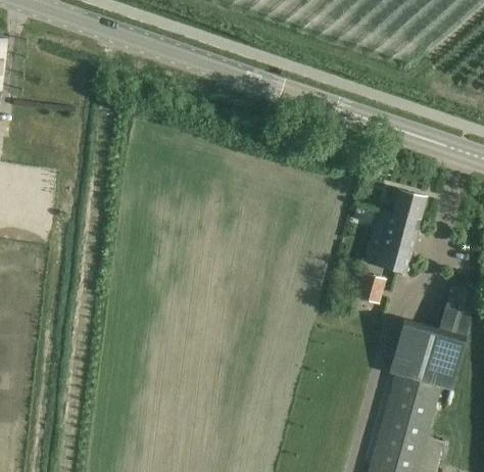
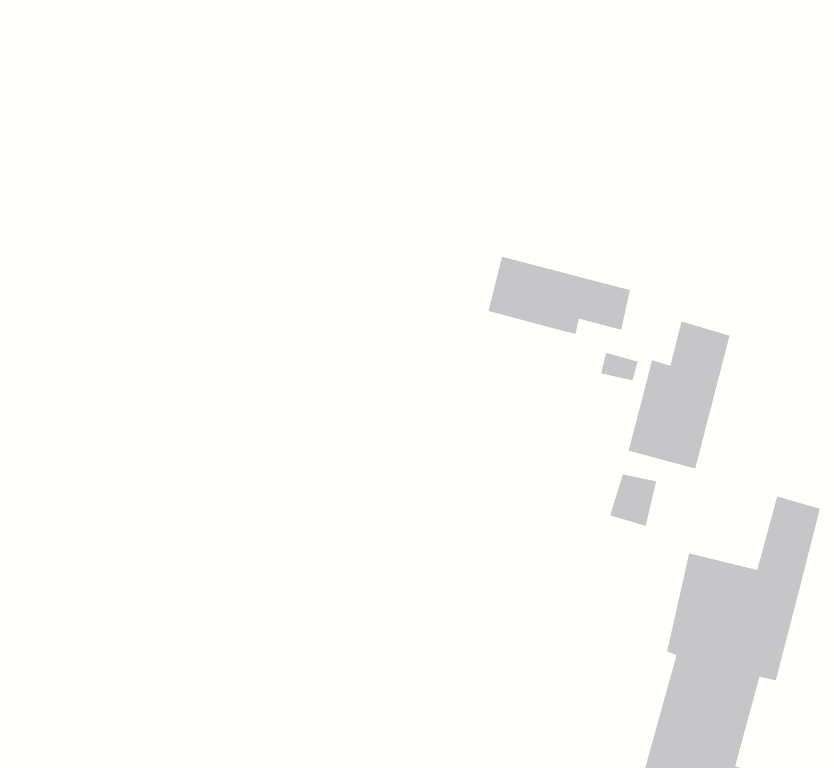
building: none -> [488,256,631,335]

